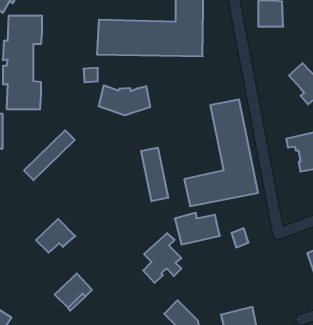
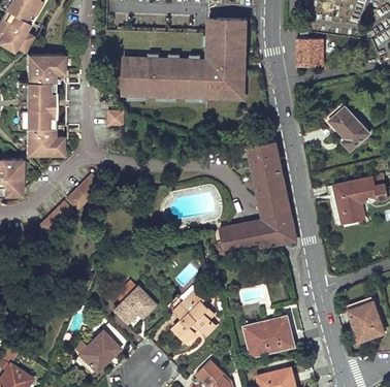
building: [99,85,150,115] -> none
building: [141,148,168,201] -> none
building: [175,213,220,245] -> [245,321,293,355]
building: [36,219,75,253] -> [112,287,155,323]

